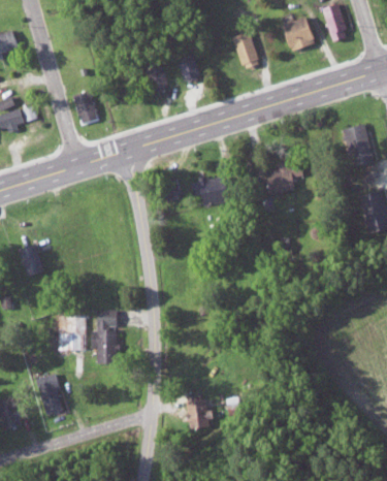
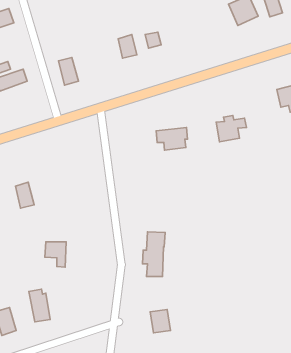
building: [231,32,259,70] -> none
building: [91,310,119,364] -> [142,232,165,276]

